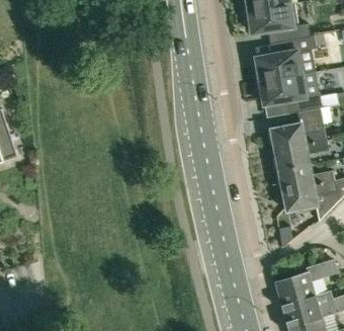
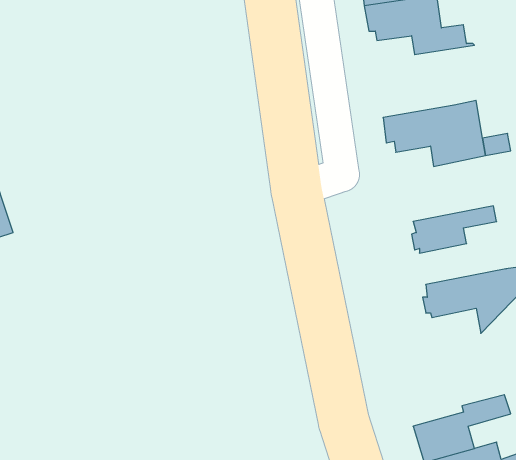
building: [253,36,317,83] -> none
building: [269,123,327,150] -> none
building: [277,164,335,190] -> none

